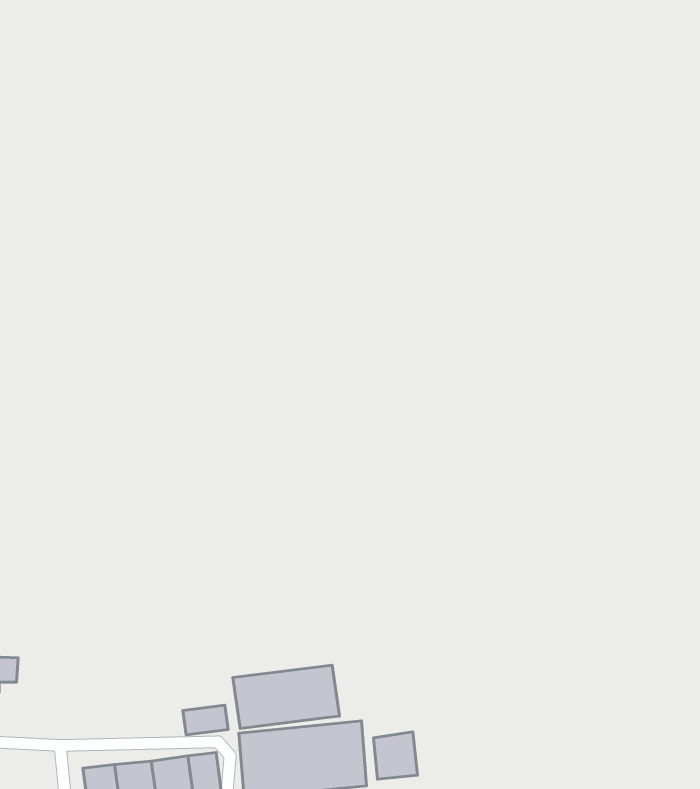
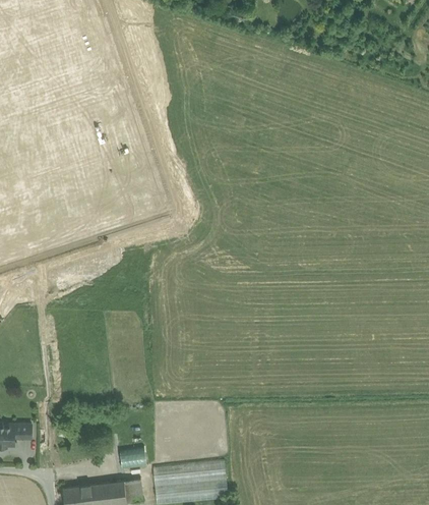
building: [233,665,340,729] -> none
building: [373,732,417,779] -> none

